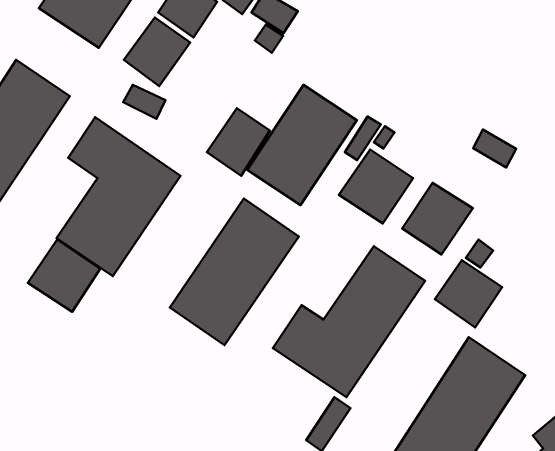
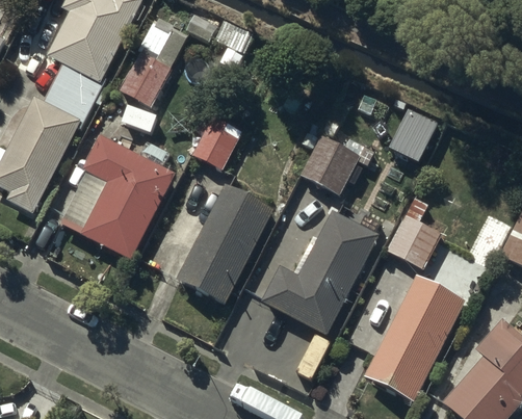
building: none -> [44,66,100,120]
building: [247,85,357,205] -> none
building: [402,183,473,255] -> none
building: [28,239,100,312] -> none

